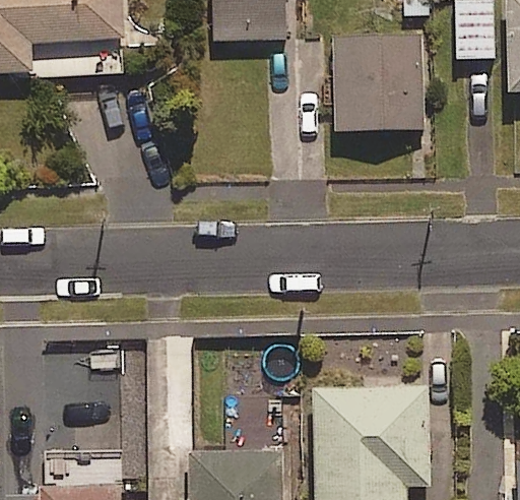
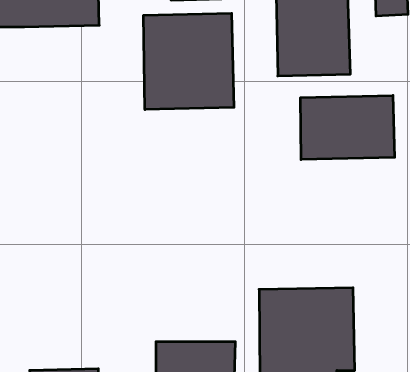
building: none -> [144,13,234,110]
building: none -> [301,95,395,160]

